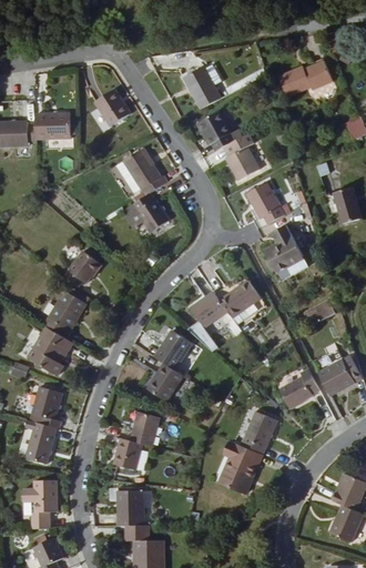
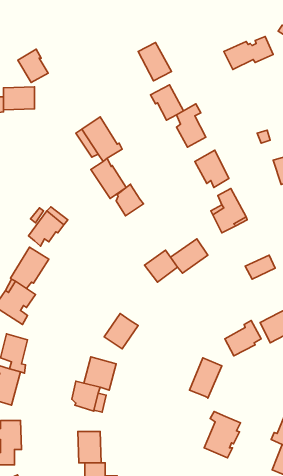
building: [96,90,130,126] -> [18,49,48,82]
building: none -> [116,184,144,216]
building: [156,329,194,371] -> none
building: [218,442,258,493] -> [204,412,240,458]

